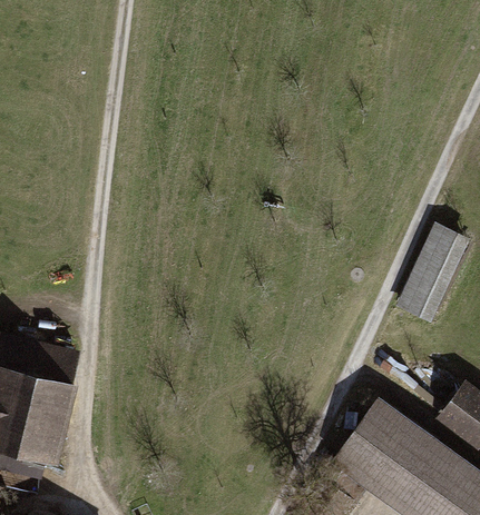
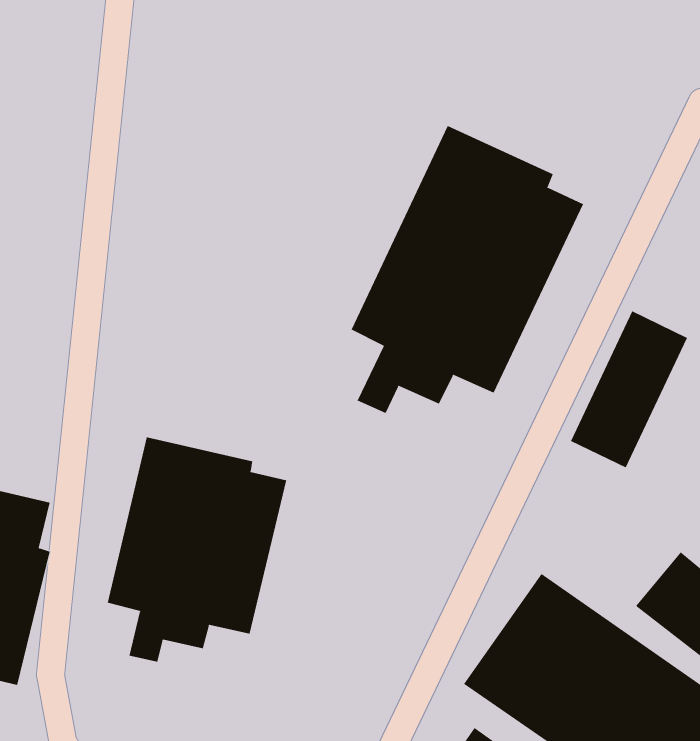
building: none -> [351,125,584,414]
building: none -> [107,436,287,663]

